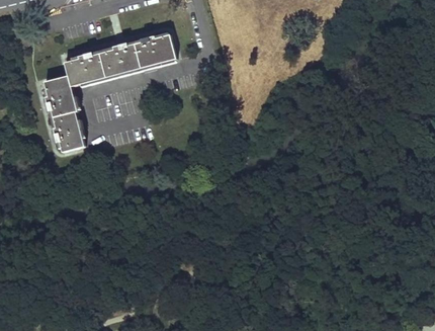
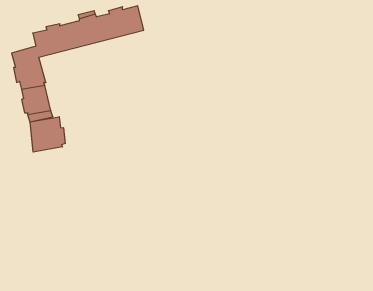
building: none -> [30,117,65,152]

